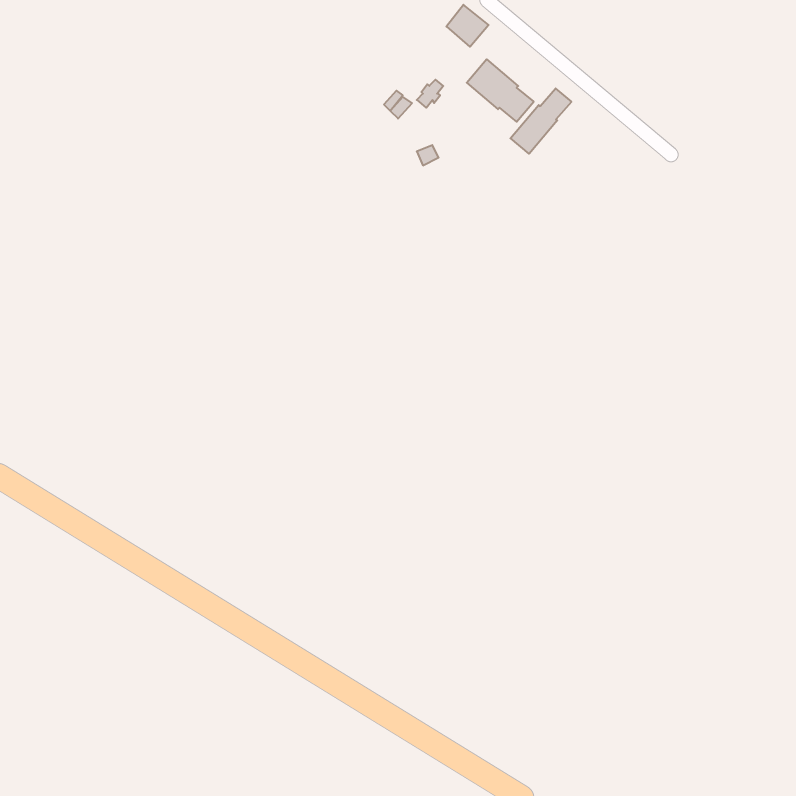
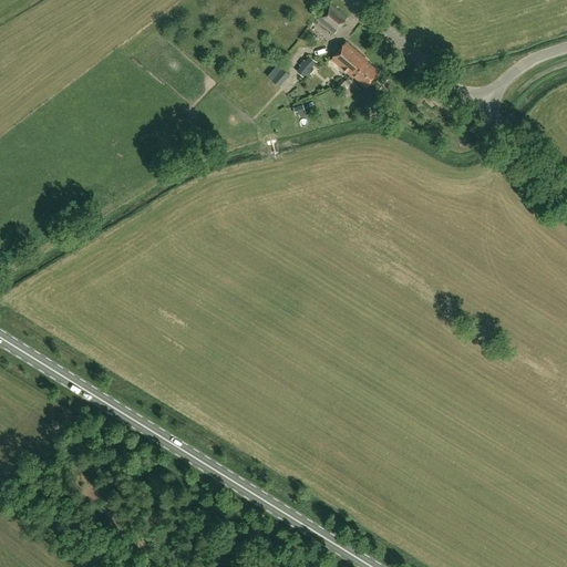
building: [510,88,571,154] -> none

